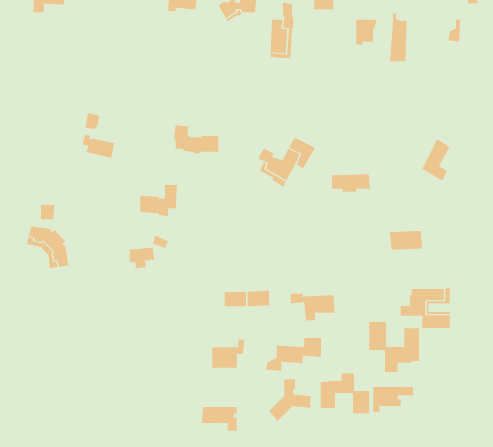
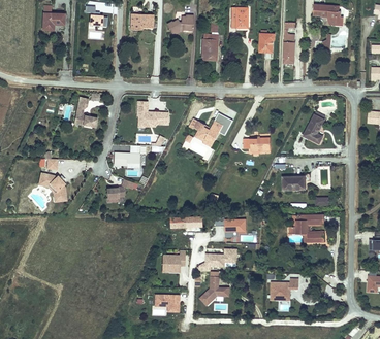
building: [369,321,420,373] -> none
building: [320,372,370,414] -> none

